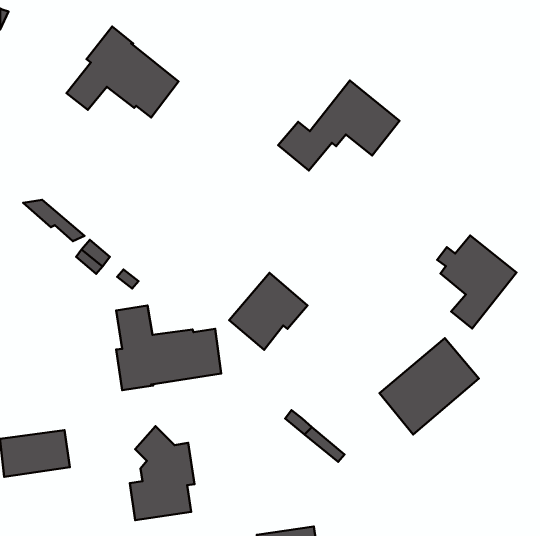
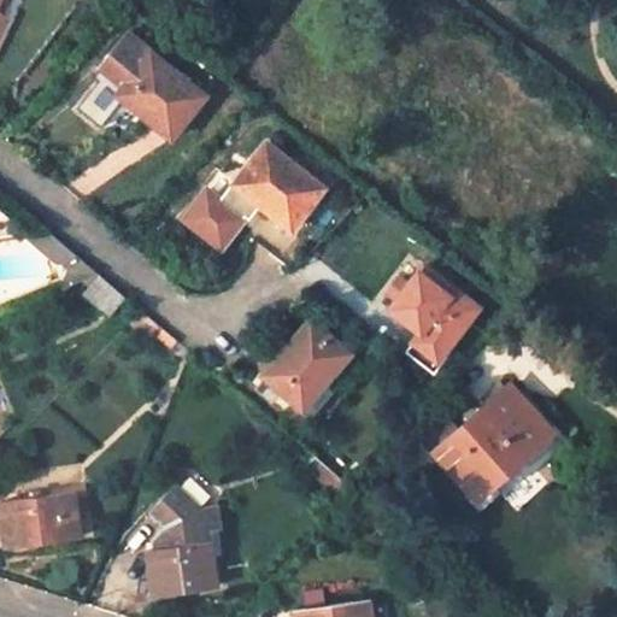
building: [278,81,400,170] -> [188,143,327,246]
building: [437,235,517,328] -> [384,266,475,372]
building: [116,306,221,390] -> none

